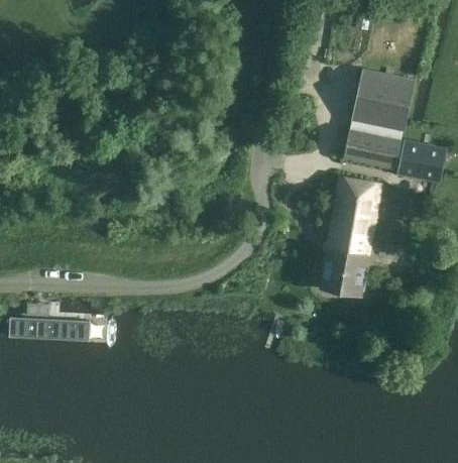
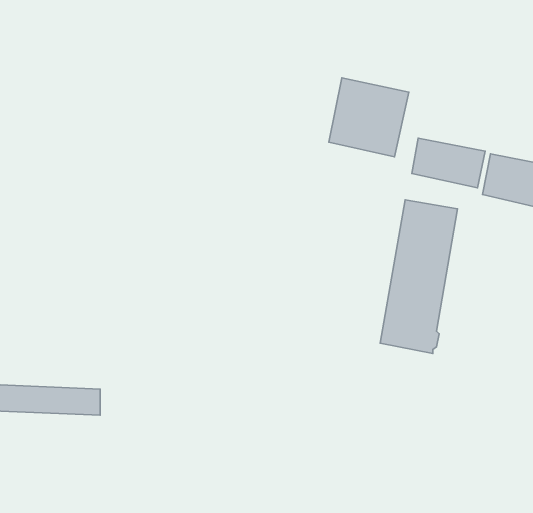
building: [352,69,414,129] -> [329,78,409,157]

